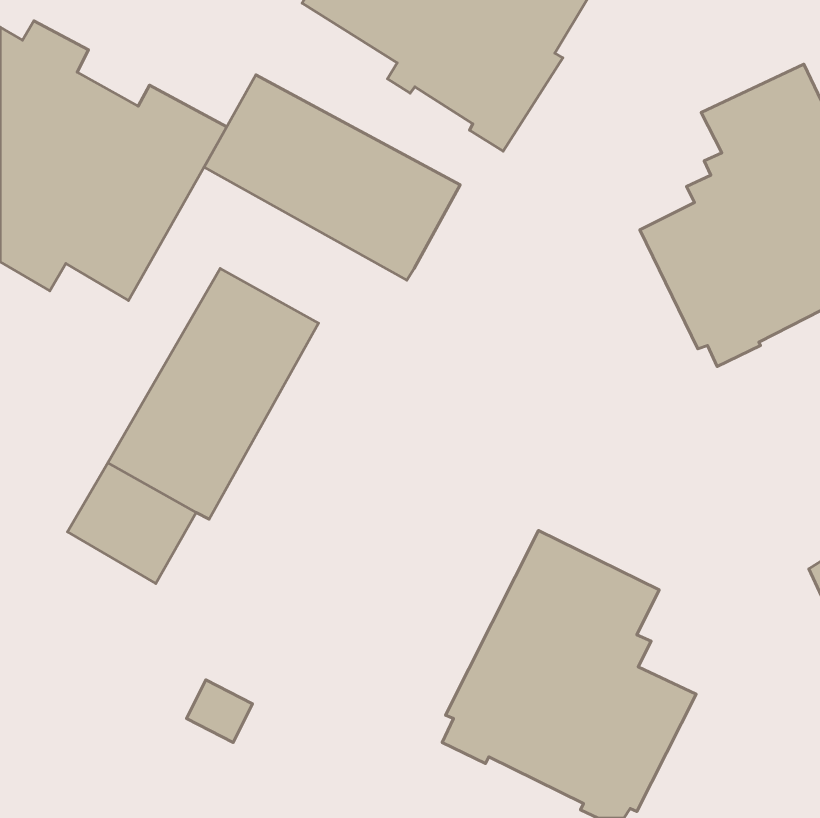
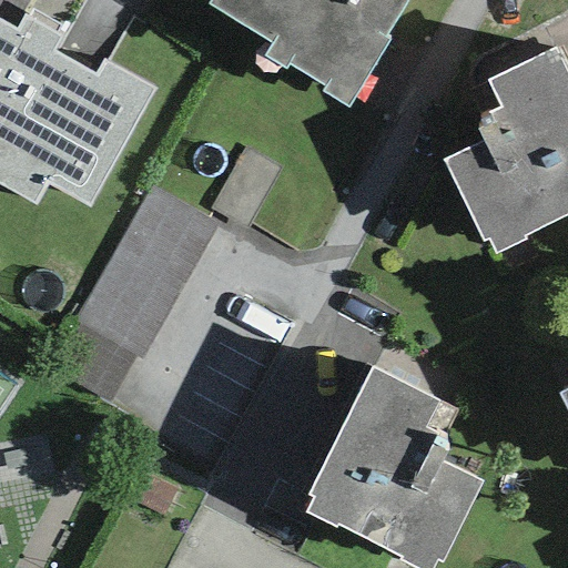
building: [204,75,460,280] -> none

